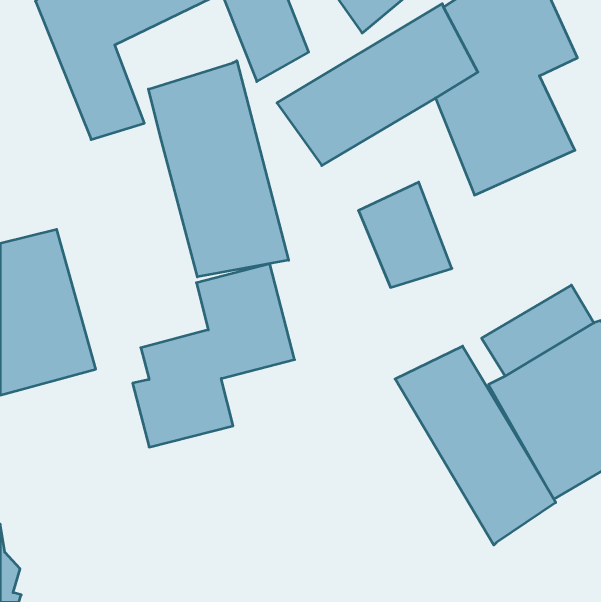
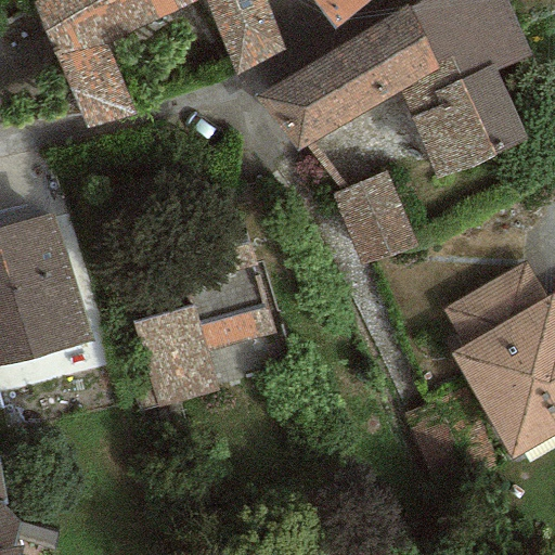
building: [148,61,289,277] -> none
building: [395,346,556,545] -> none

